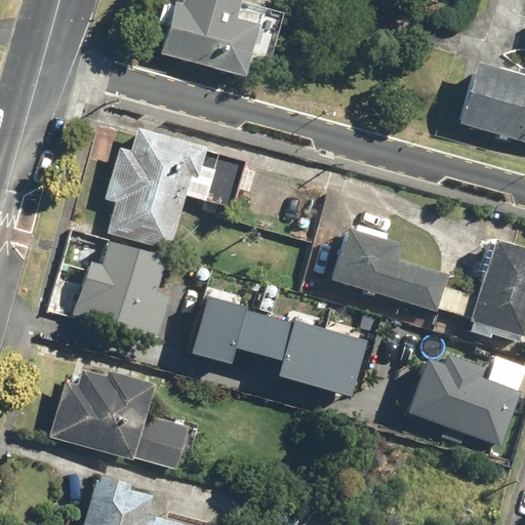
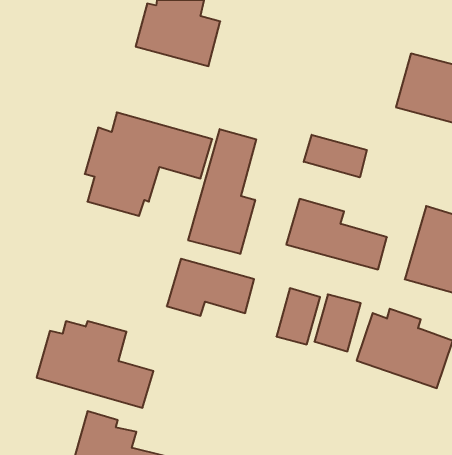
building: none -> [188,129,256,254]
building: none -> [304,135,367,177]
building: [73,241,164,337] -> none
building: [284,322,337,388] -> [314,294,361,351]

